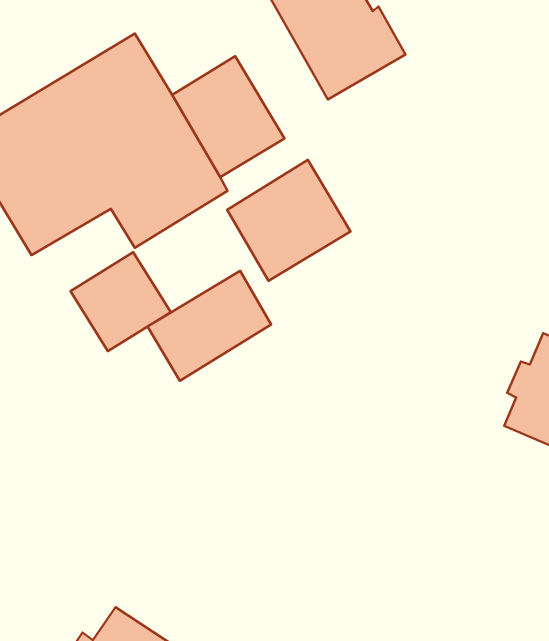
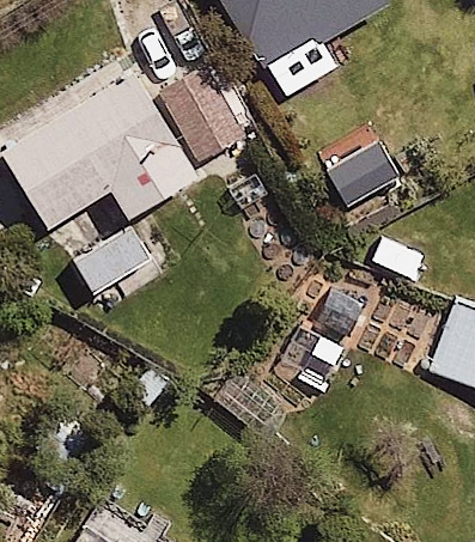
building: [227,160,350,281] -> none
building: [147,271,271,381] -> none

